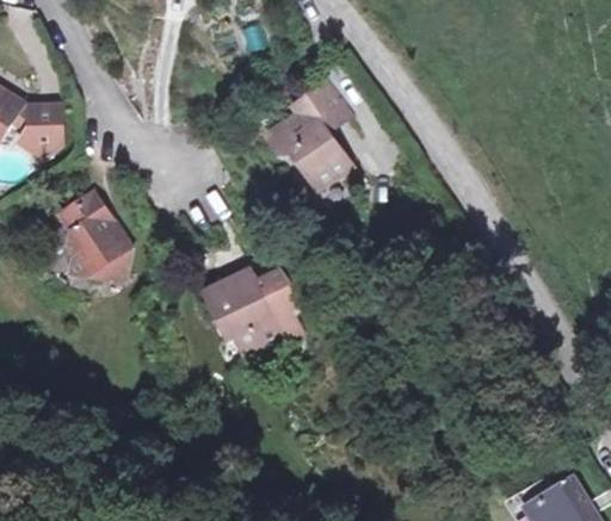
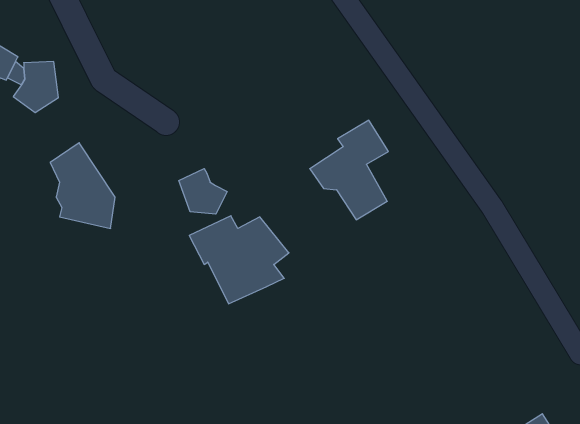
building: [265,85,346,187] -> [310,120,388,220]
building: none -> [179,169,227,214]

